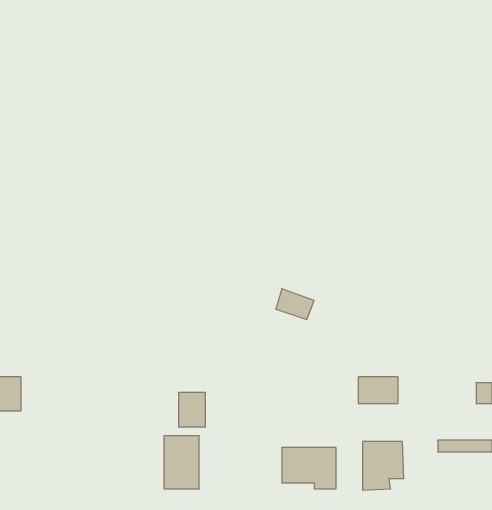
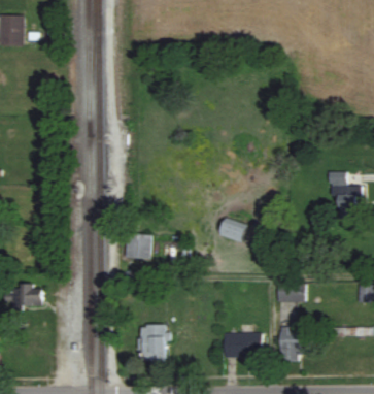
building: none -> [331,173,362,219]
building: none -> [126,233,151,258]
building: [179,392,205,427] -> none

